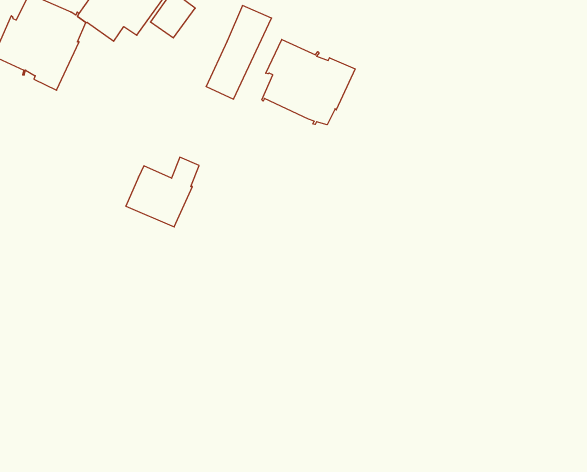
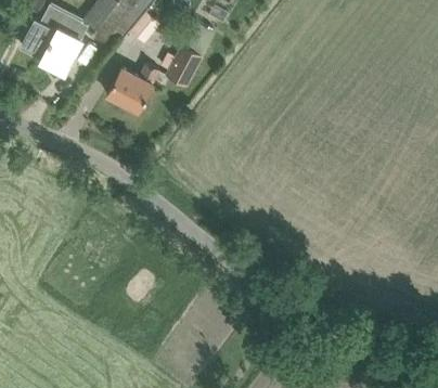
building: [262,39,355,125] -> none
building: [126,157,199,227] -> [106,64,158,112]

